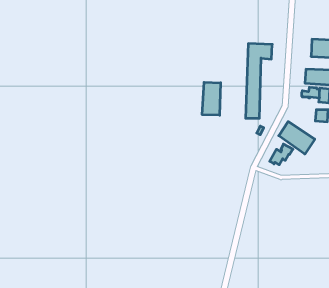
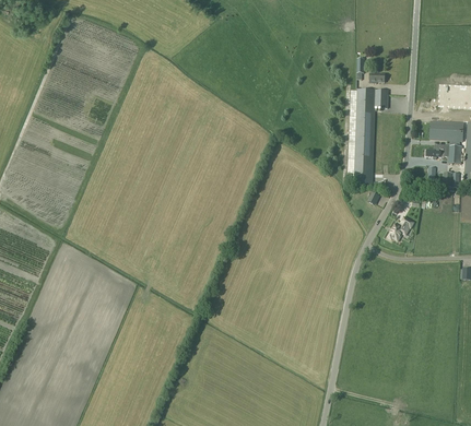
building: [202,82,221,115] -> none
building: [279,122,315,154] -> none

